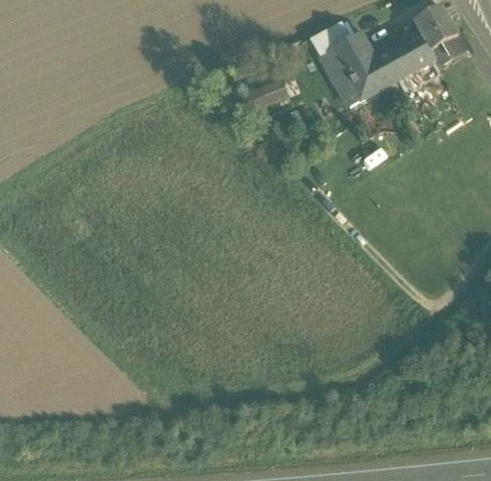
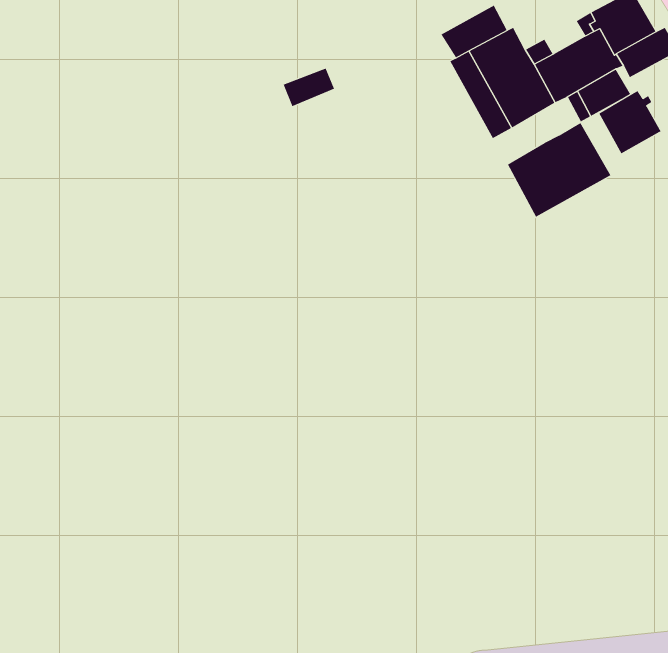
building: none -> [599,90,662,154]
building: [250,80,285,106] -> [283,68,335,107]
building: none -> [507,122,611,218]

